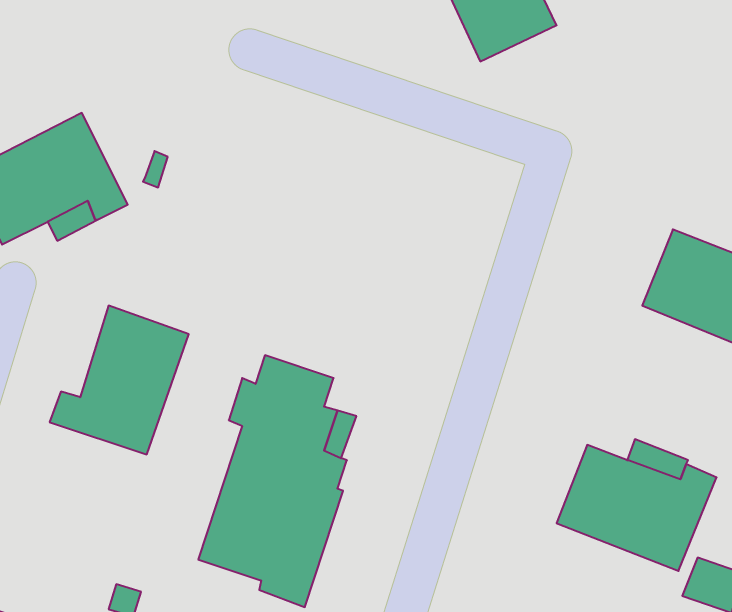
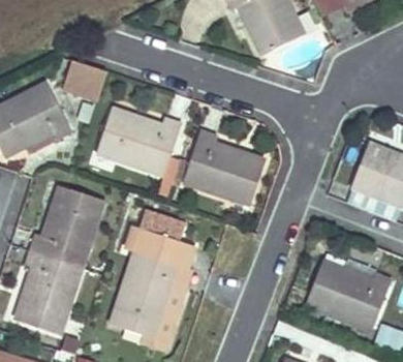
building: none -> [62,59,106,100]
building: none -> [95,109,181,176]
building: none -> [181,132,268,208]
building: none -> [18,249,82,334]

